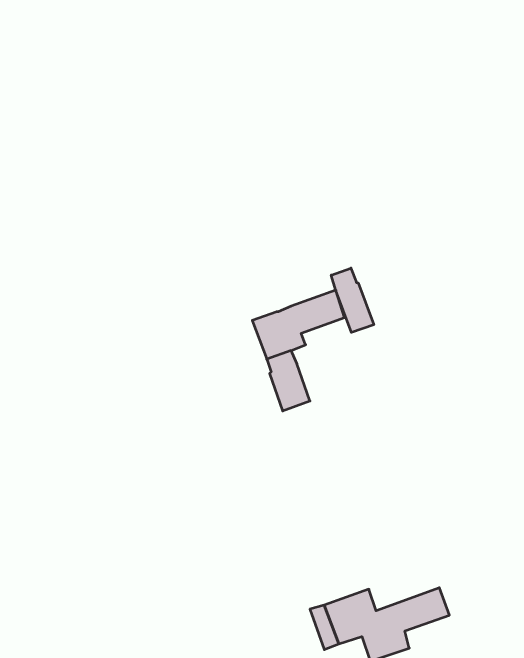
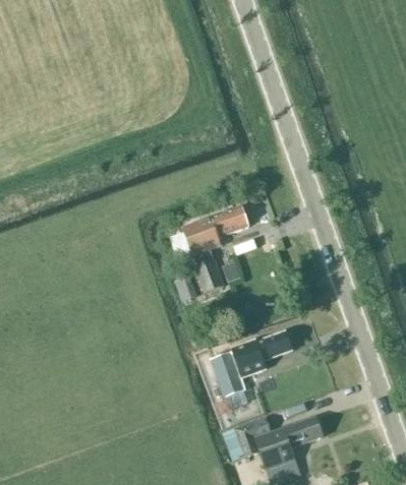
building: [331,268,374,332] -> none
building: none -> [212,330,292,396]

